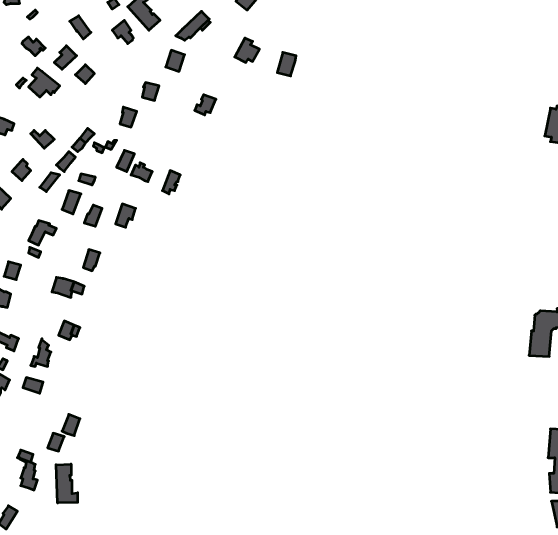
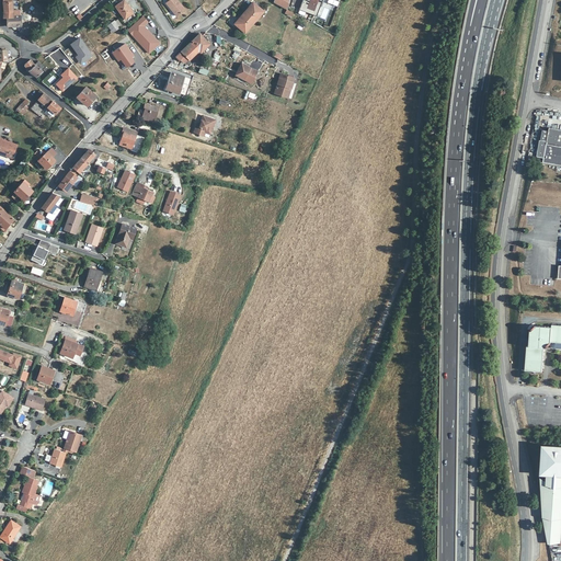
building: [56,464,78,503] -> none

